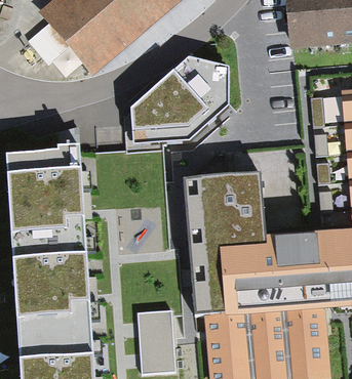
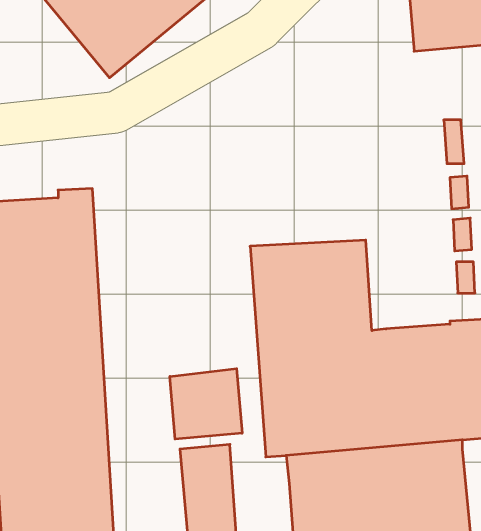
building: [132,55,230,142] -> none
building: none -> [170,369,242,439]

